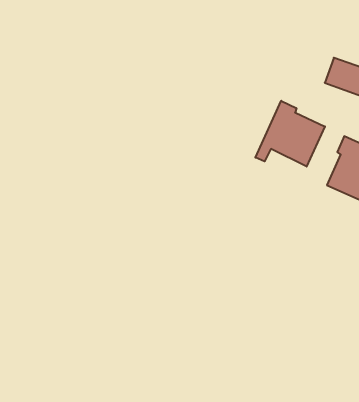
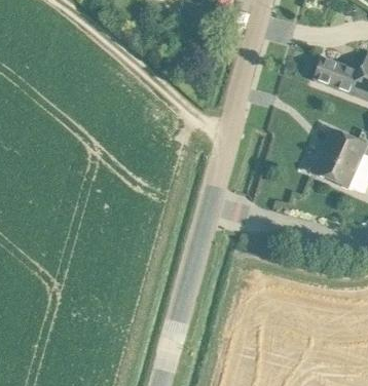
building: [255,101,325,167] -> none

